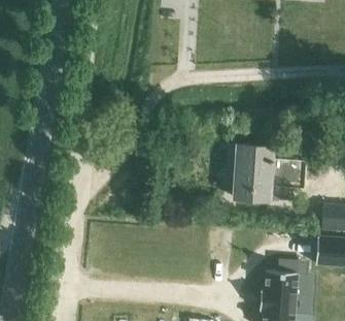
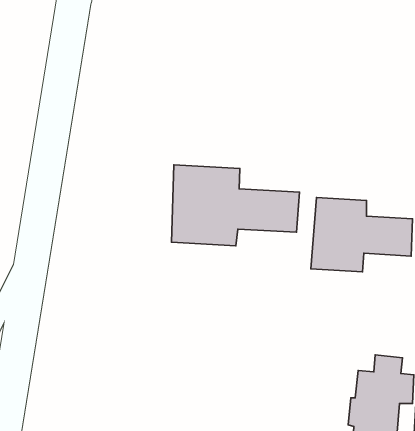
building: none -> [172,165,300,246]

